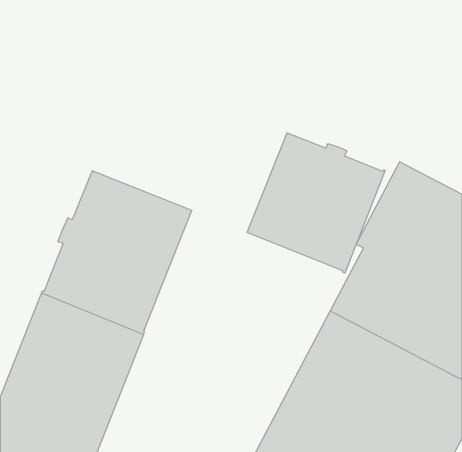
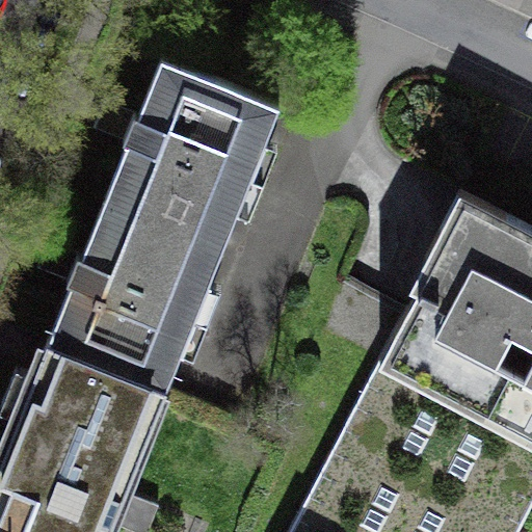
building: none -> [106,65,278,254]
building: [247,133,385,273] -> none

